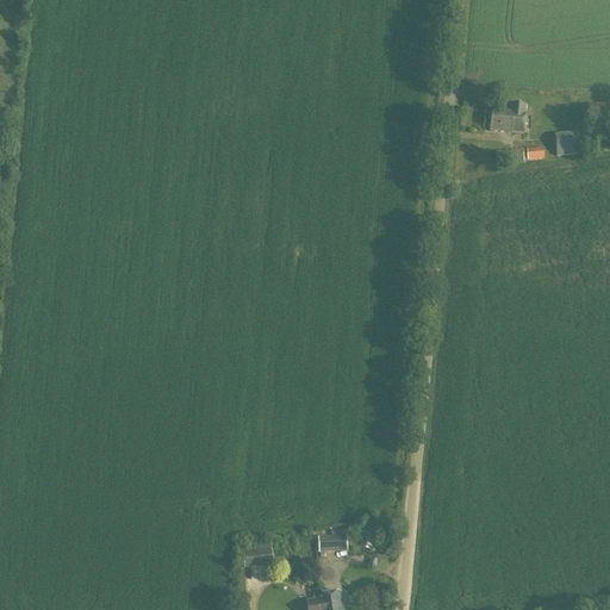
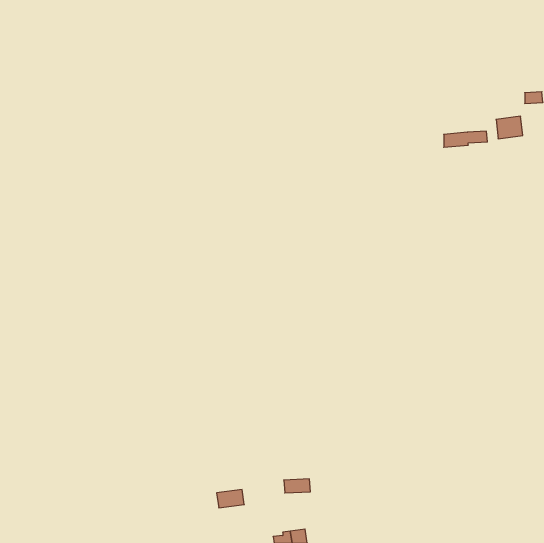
building: [491,102,527,132] -> none

